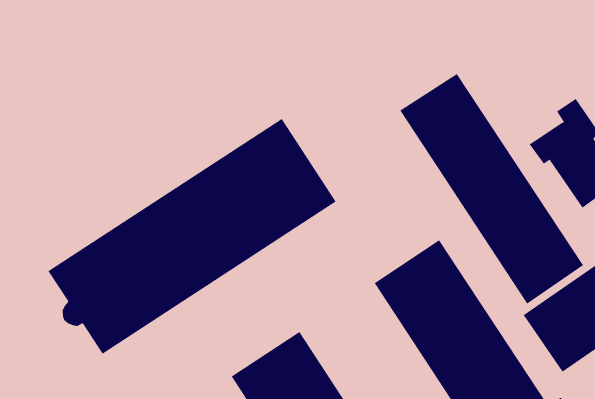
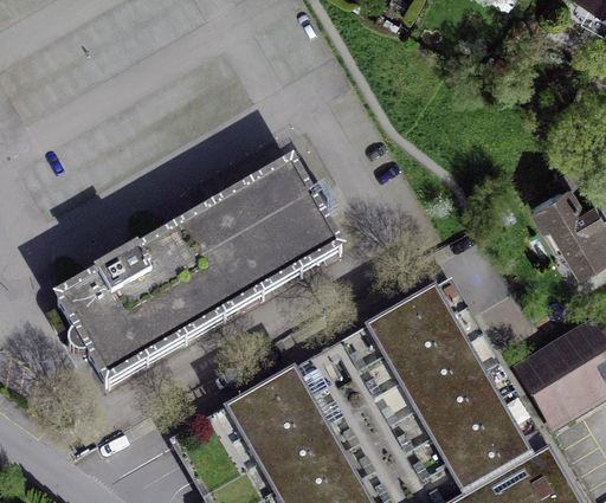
building: [399,73,584,305] -> none

